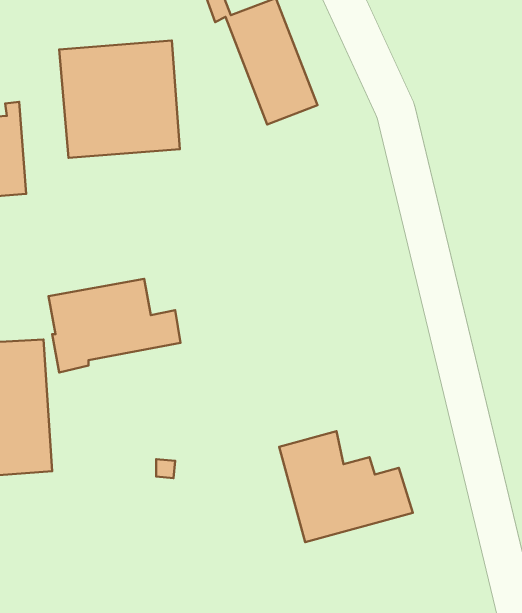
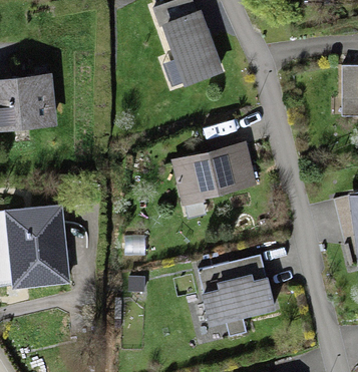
building: [59,40,180,158] -> none
building: [49,279,180,372] -> [175,149,252,204]

